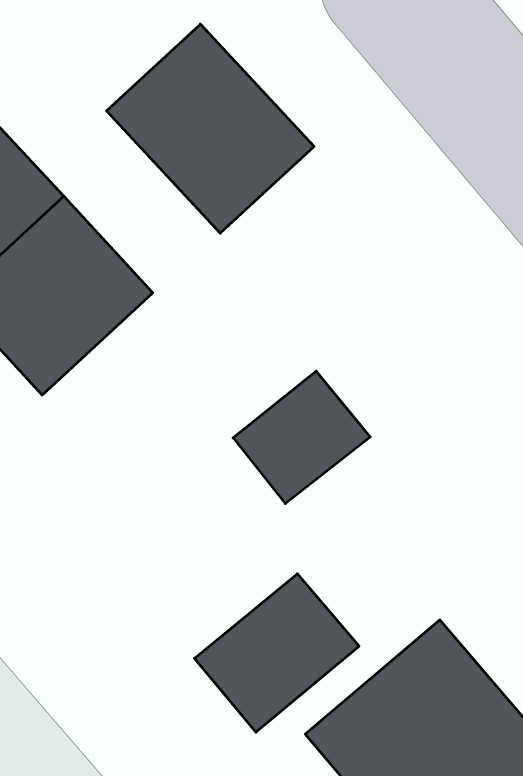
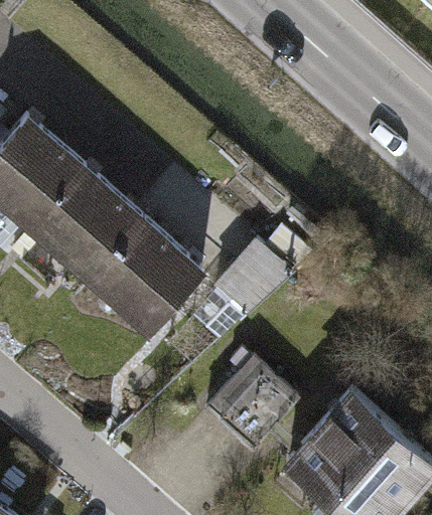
building: [107,24,314,233] -> none
building: none -> [91,217,208,336]

